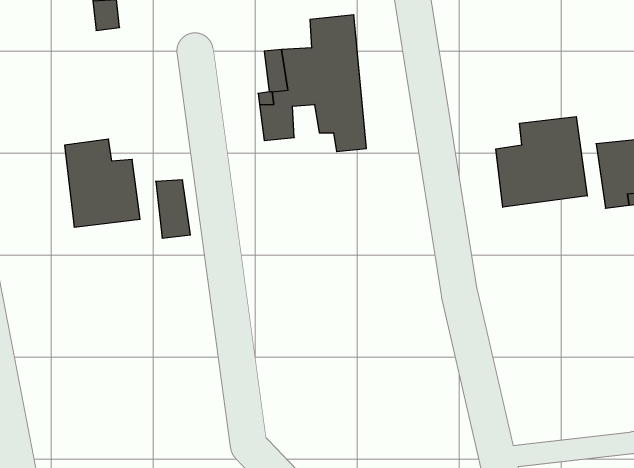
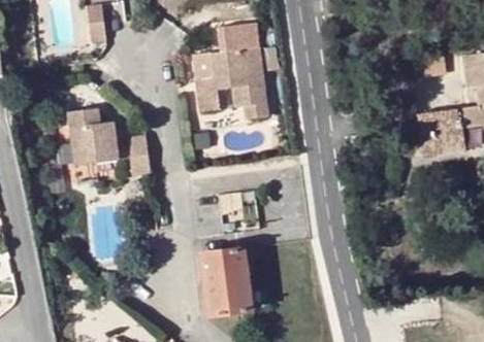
building: [496,117,587,207] -> none
building: none -> [201,250,250,315]

